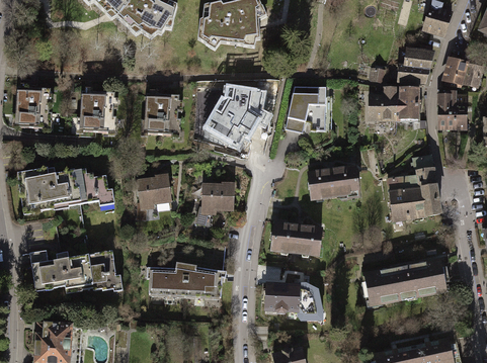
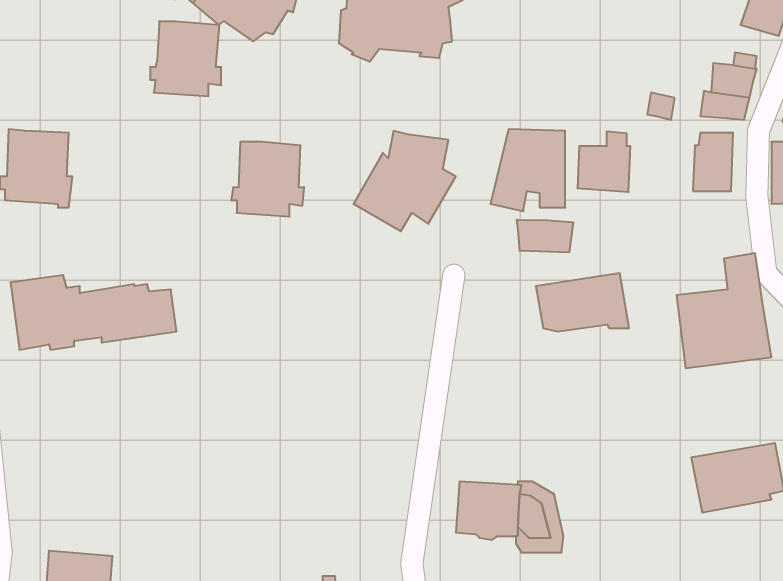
building: [368,88,397,121] -> [577,132,630,192]
building: [76,91,115,132] -> [150,21,221,96]
building: none -> [517,220,573,252]
building: [137,176,171,208] -> none
building: [202,184,234,213] -> none
building: [272,220,322,255] -> none
building: [29,250,118,291] -> none
building: [149,264,228,297] -> none
building: [364,269,401,302] -> none

